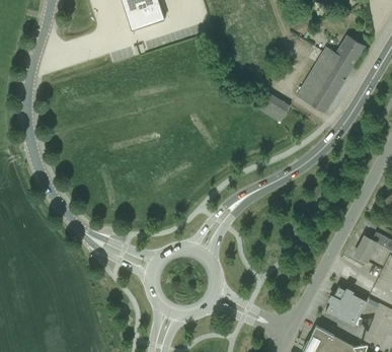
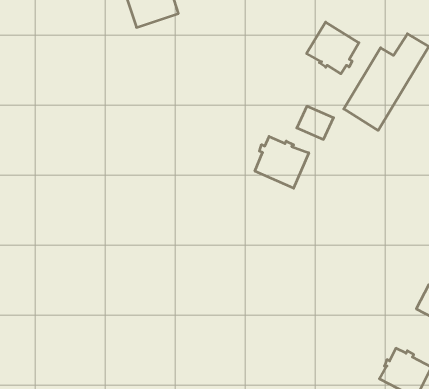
building: none -> [307,22,359,74]
building: none -> [255,136,309,188]

